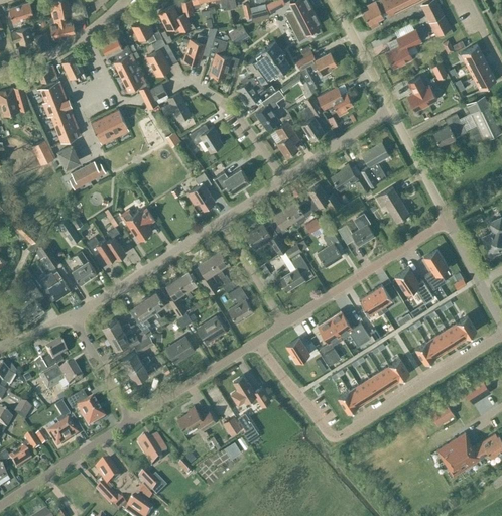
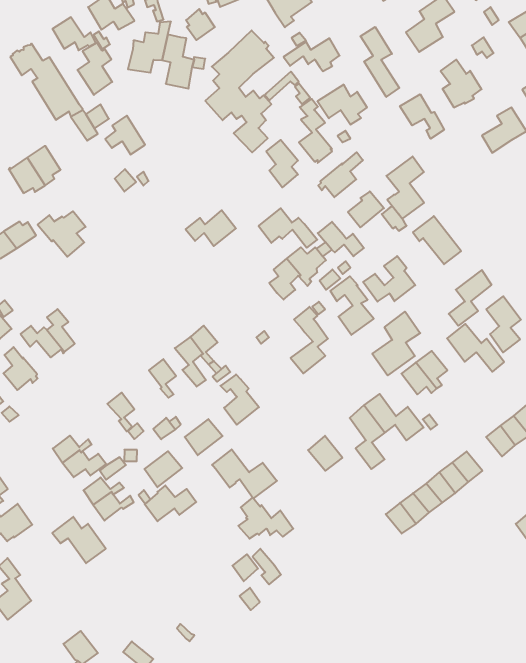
building: none -> [360,27,399,97]
building: none -> [400,94,444,139]
building: [190,125,222,151] -> none
building: none -> [318,152,363,197]
building: [190,173,215,214] -> none
building: [120,209,154,241] -> [38,211,86,257]
building: [245,224,286,254] -> [259,208,317,248]
building: none -> [449,270,491,326]
building: none -> [372,312,420,375]
building: [164,278,186,316] -> none
building: [129,299,153,338] -> none
building: none -> [212,449,277,499]
building: [67,393,104,427] -> [52,517,106,563]
building: [177,408,215,433] -> [145,485,196,521]
building: [137,436,166,464] -> none

